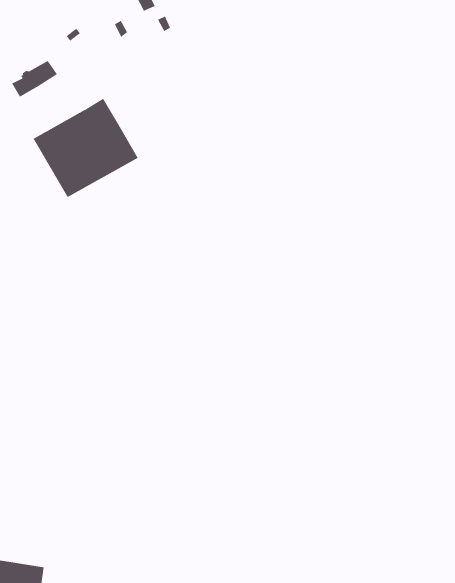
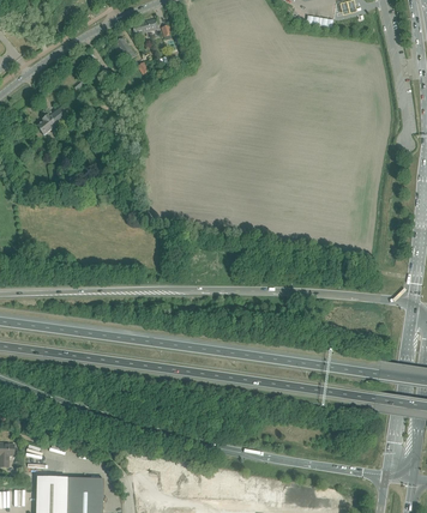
building: [33,98,138,198] -> none

